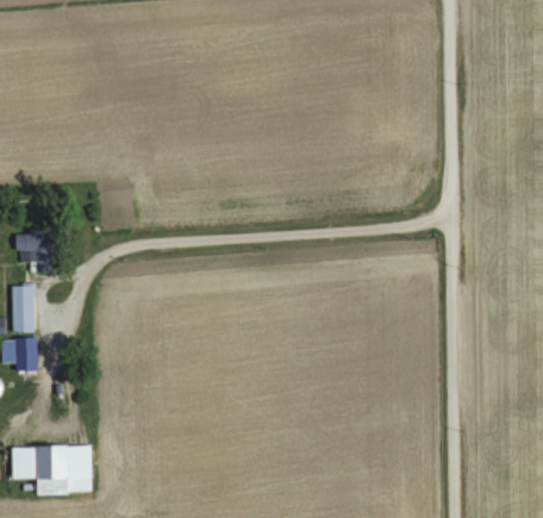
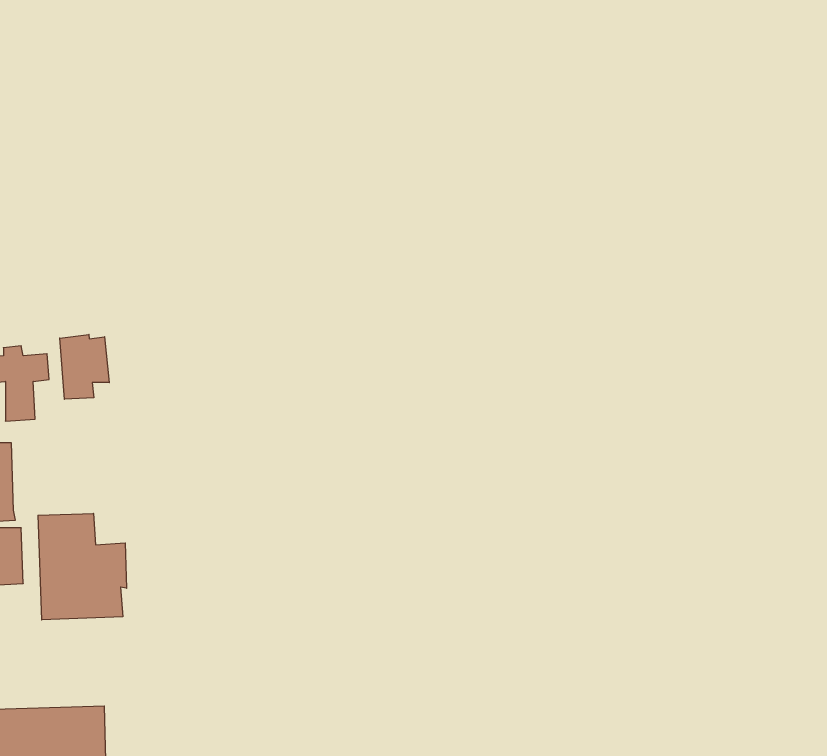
building: none -> [60,334,109,399]
building: none -> [38,513,127,620]

